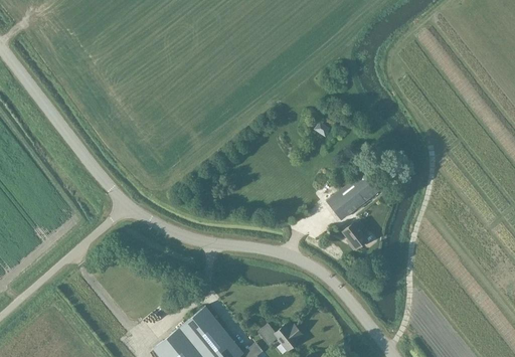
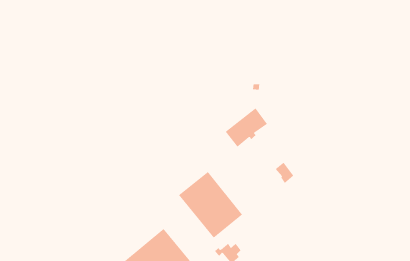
building: [327,170,380,219] -> [225,108,268,147]
building: none -> [178,171,243,239]

